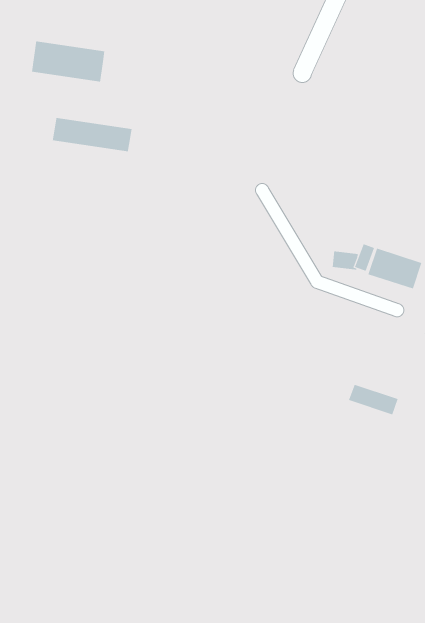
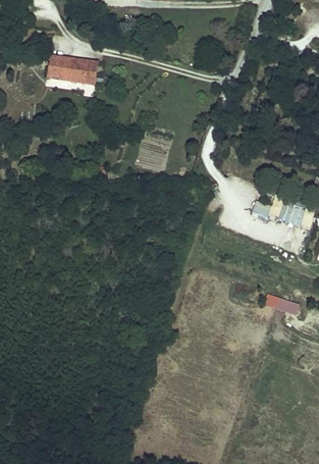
building: [52,117,132,152] -> none

